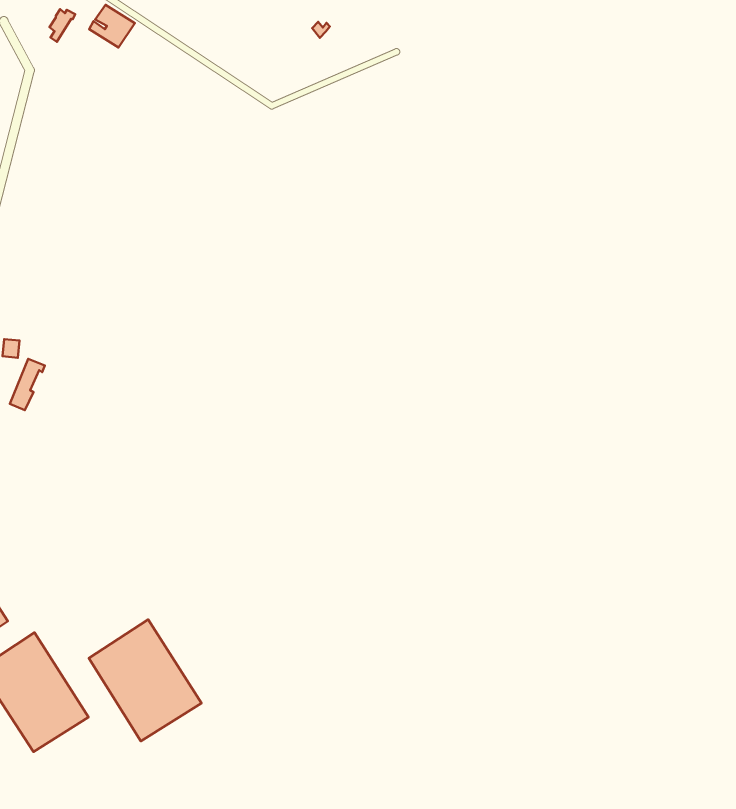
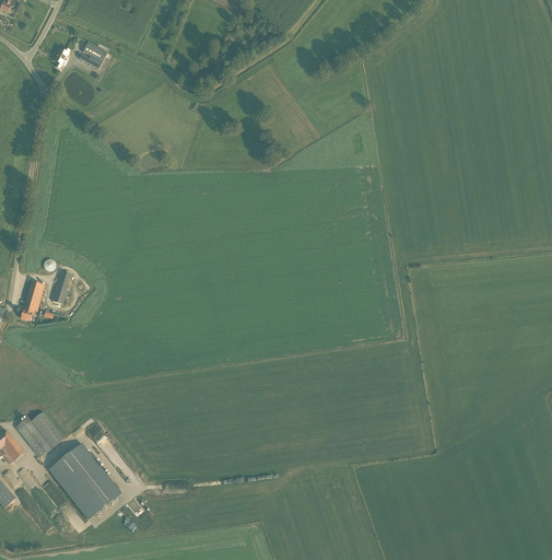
building: [89,619,202,741] -> none

